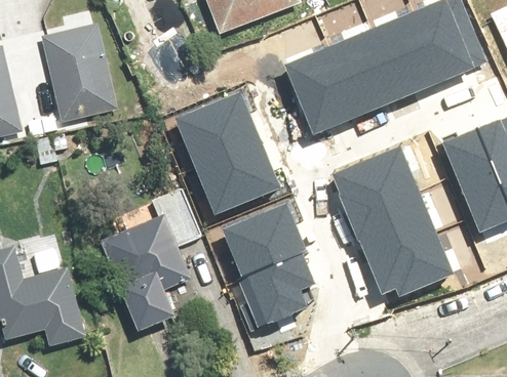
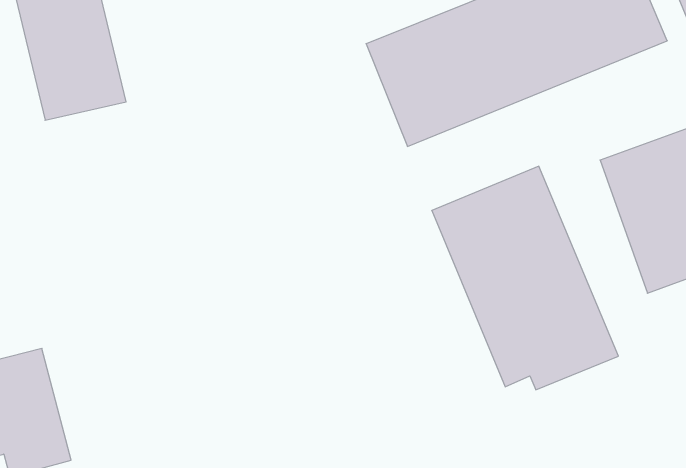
building: [177,89,282,211] -> none
building: [221,203,311,325] -> none
building: [91,215,192,338] -> none

